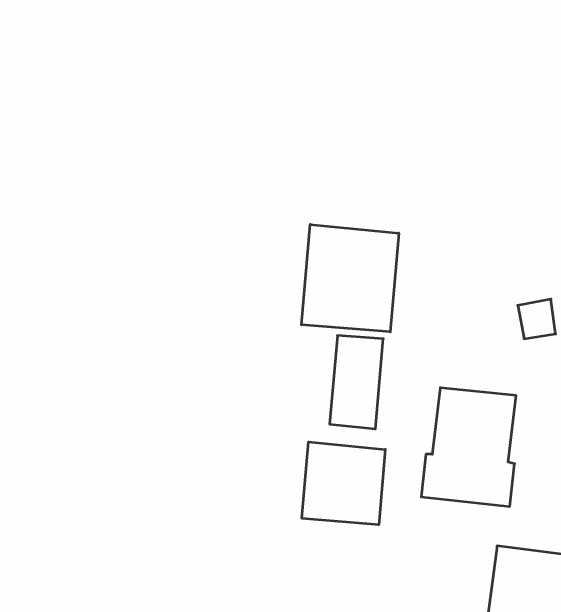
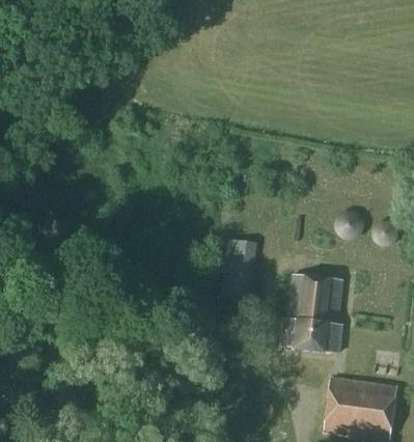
building: [301,224,399,332] -> none
building: [302,442,385,525] -> none

